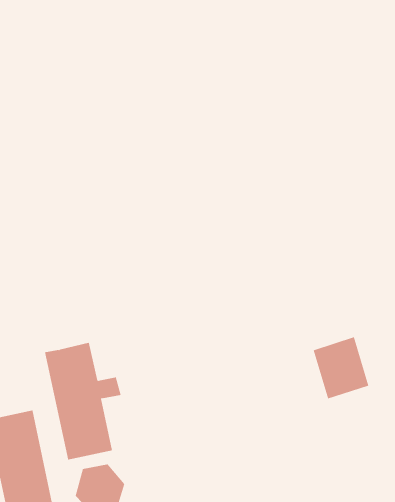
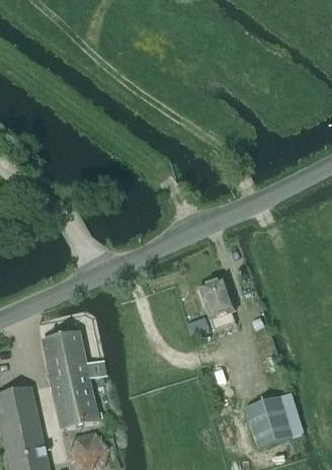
building: none -> [199,279,235,320]
building: [313,337,369,399] -> [245,396,292,448]

